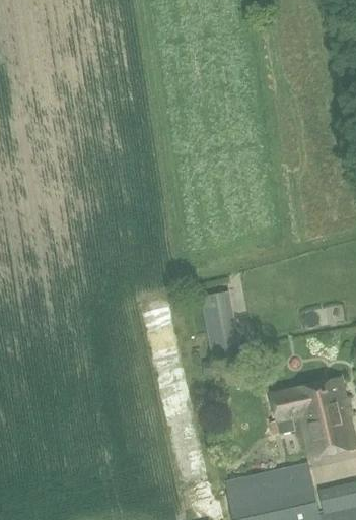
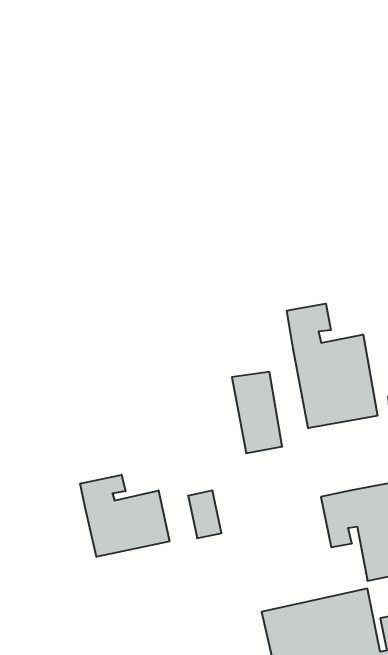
building: none -> [287,304,378,428]
building: none -> [80,475,169,557]

